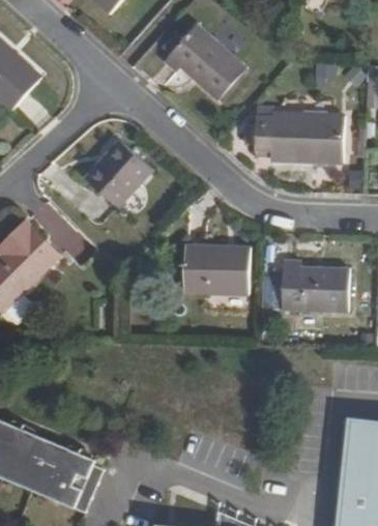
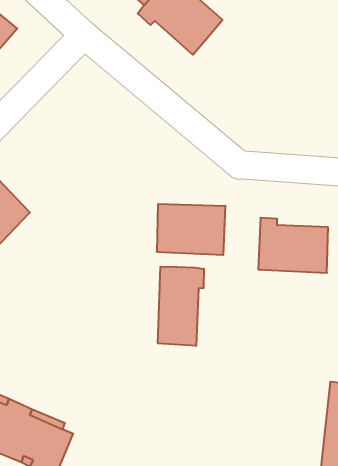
building: [252,114,343,165] -> none
building: [87,140,154,208] -> none
building: none -> [158,267,204,346]

